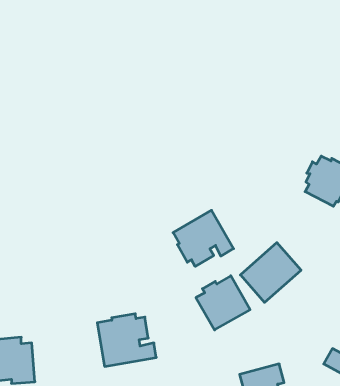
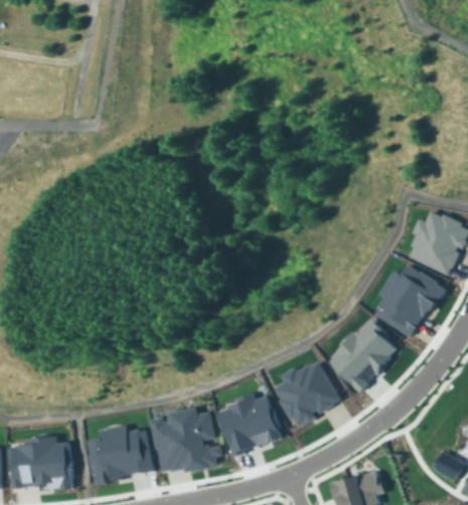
building: none -> [372,263,443,335]
building: [173,210,234,266] -> none
building: none -> [219,394,280,457]
building: none -> [87,426,153,487]

